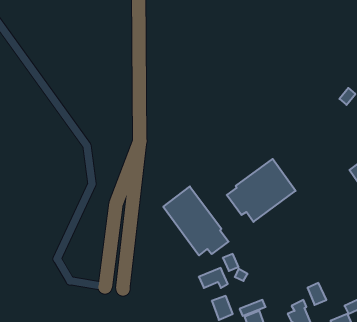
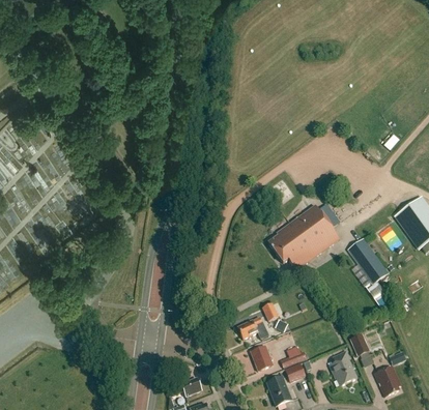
building: [163,186,229,255] -> none
building: none -> [347,239,385,282]

